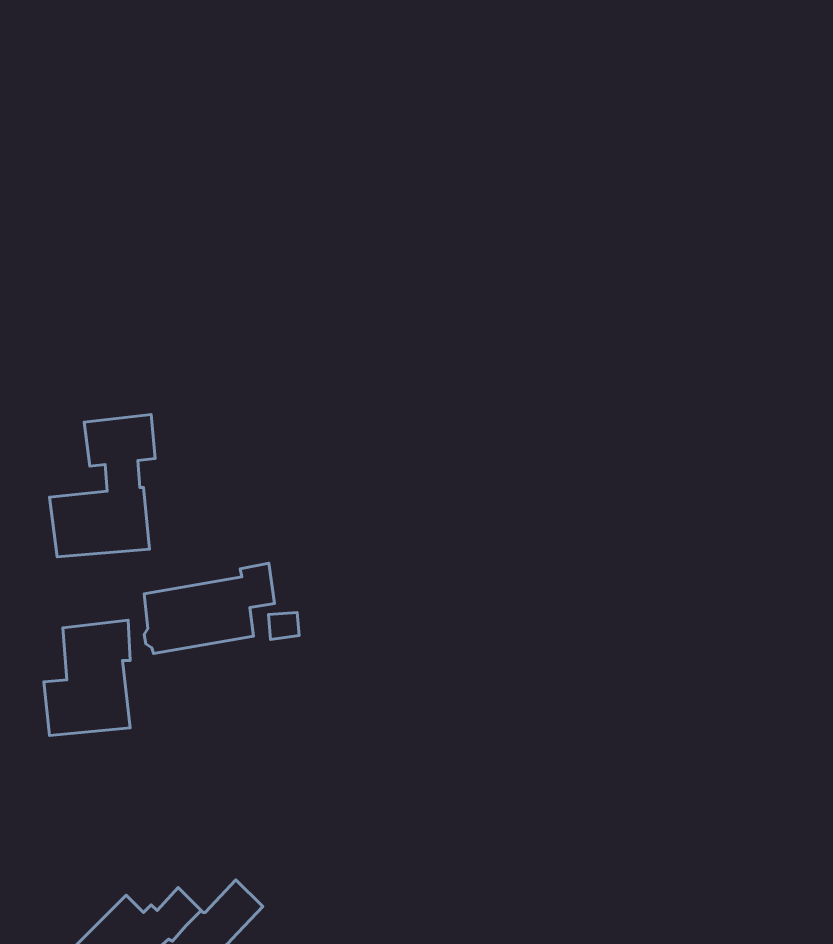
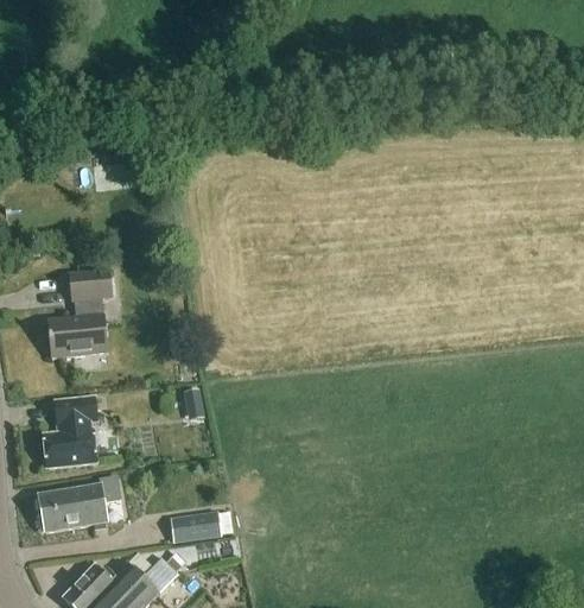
building: [144,563,275,654] -> [39,476,120,532]
building: none -> [170,509,221,543]

